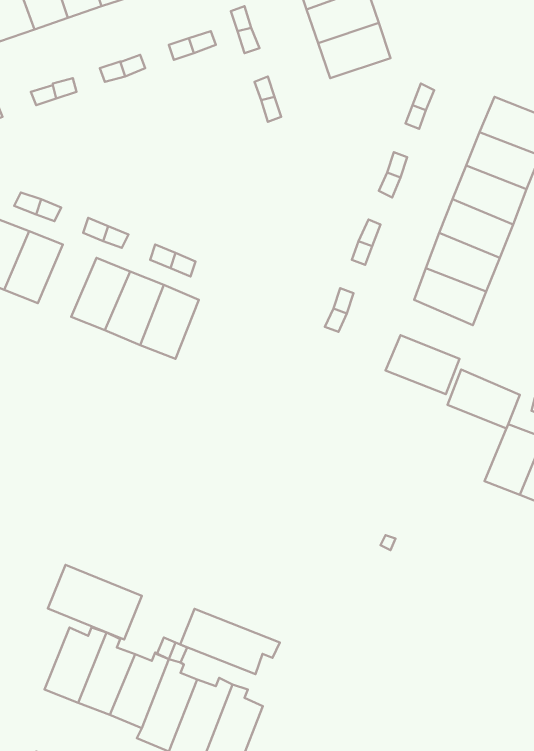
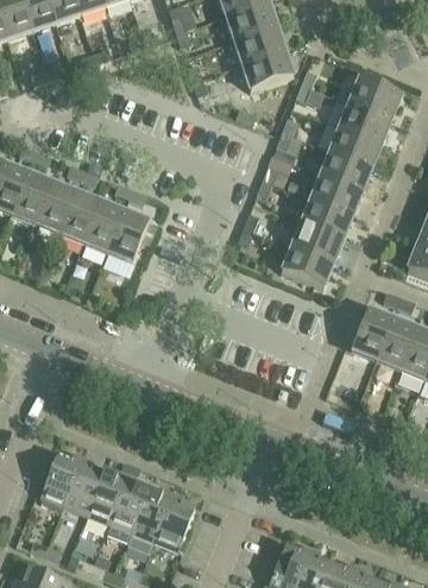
building: none -> [243,49,294,88]
building: none -> [36,181,77,232]
building: [448,370,520,428] -> [292,220,344,261]
building: [48,565,142,640] -> none
building: [180,609,280,674] -> none

